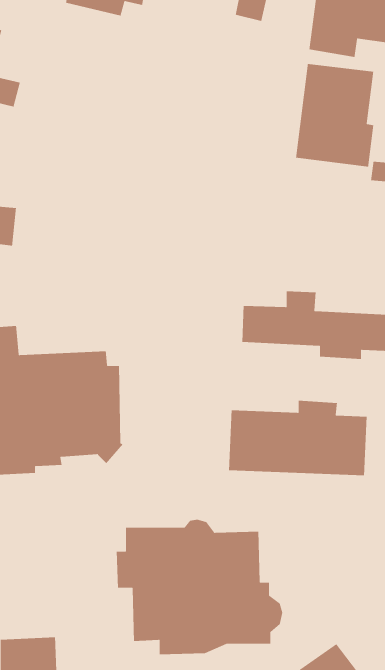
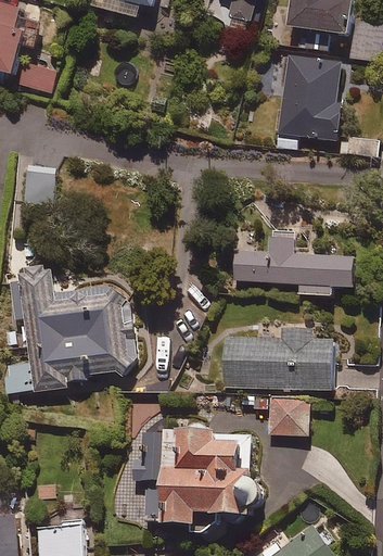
building: none -> [268,396,307,433]

